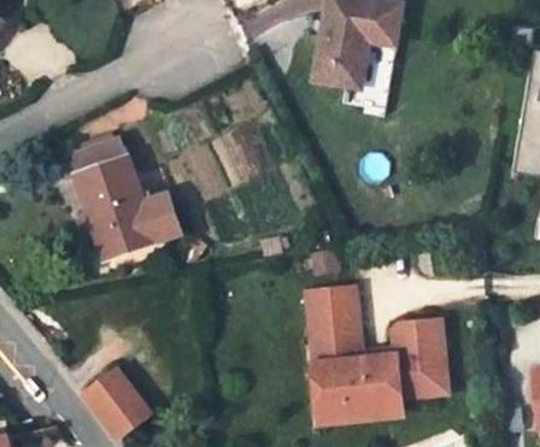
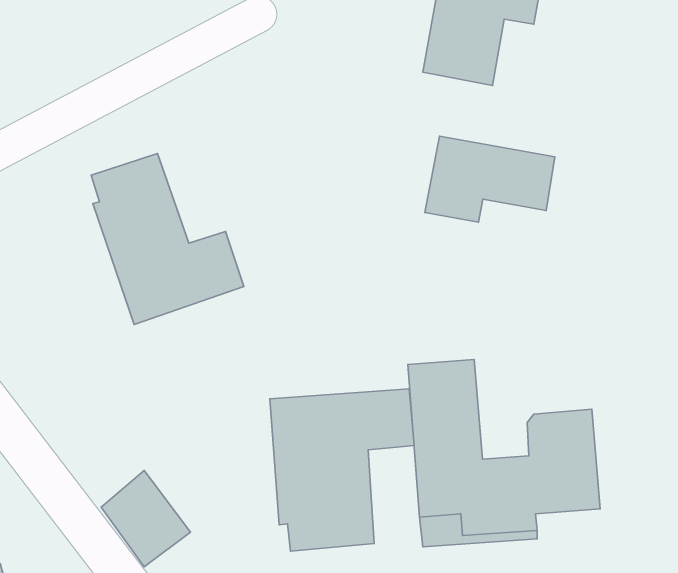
building: none -> [425,136,555,222]
building: none -> [270,389,414,551]

